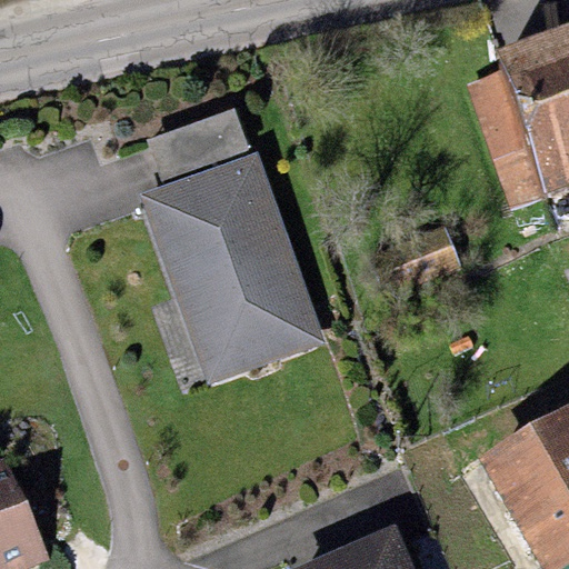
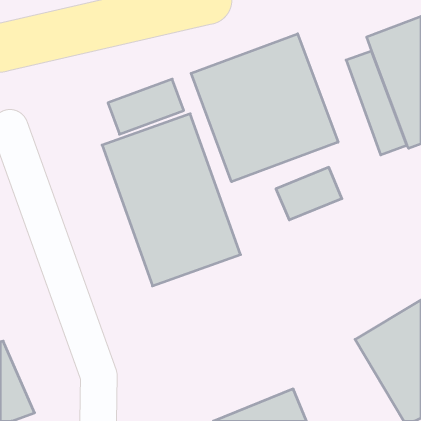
building: none -> [191,34,338,182]

